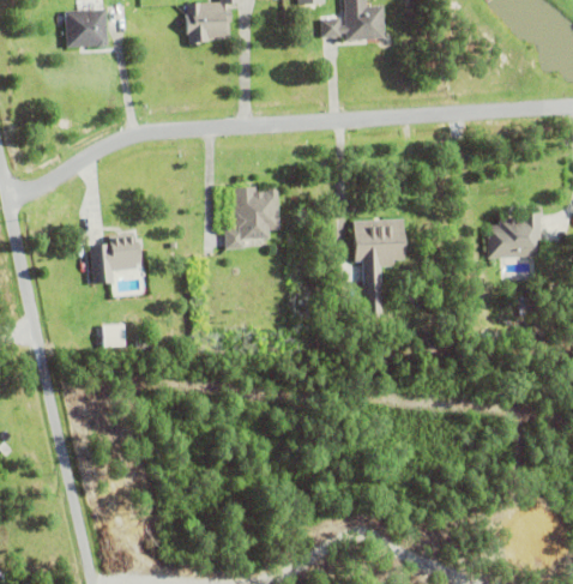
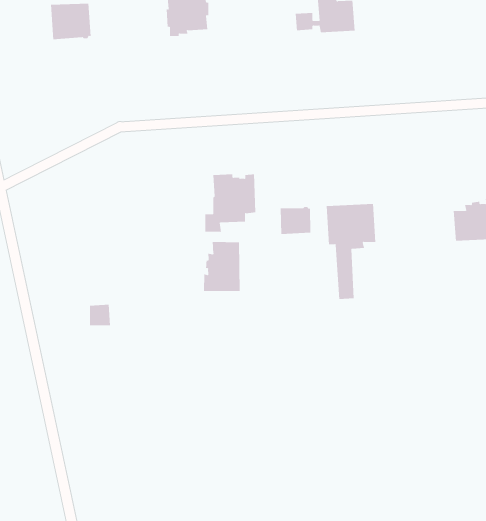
building: none -> [280,206,311,235]
building: [91,234,141,284] -> none
building: none -> [204,241,240,292]

